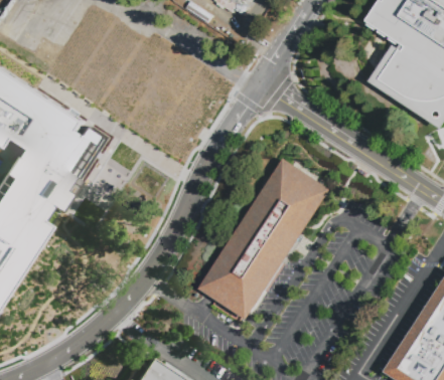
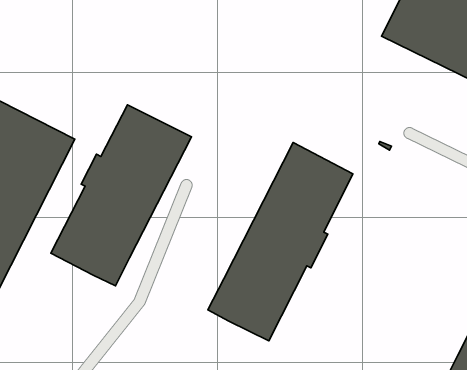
building: none -> [51,105,192,286]

